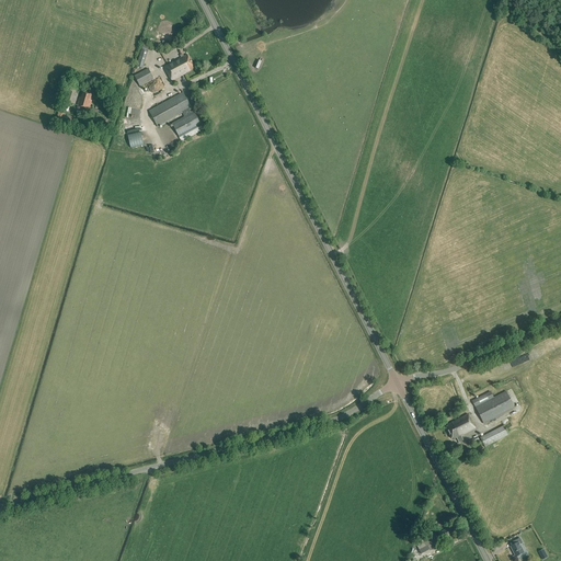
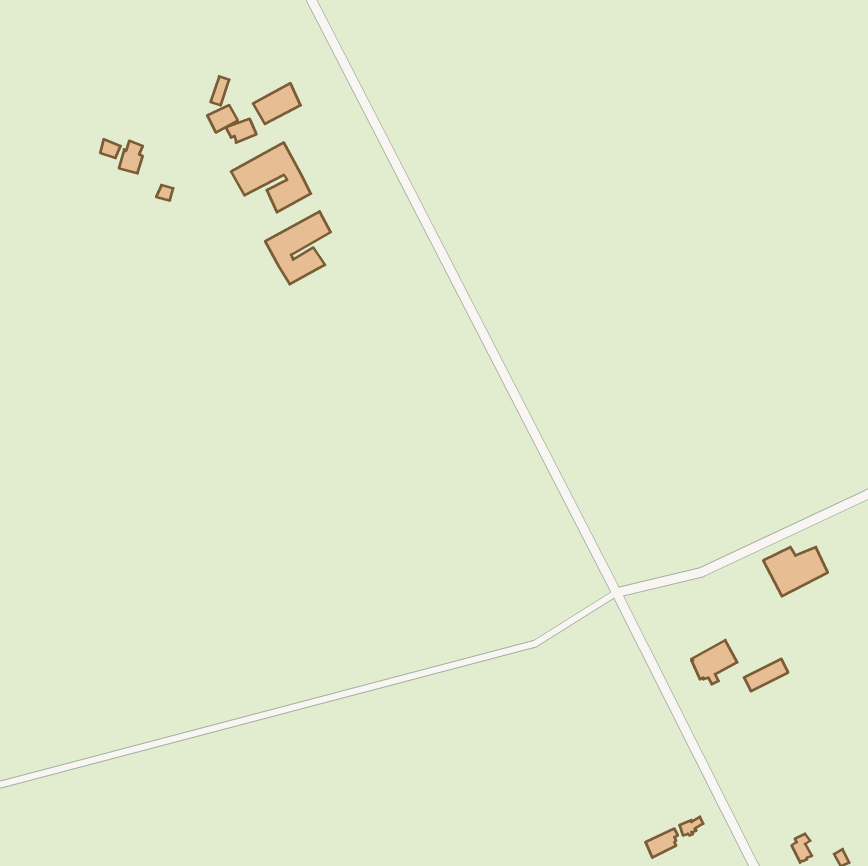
building: none -> [265,211,331,284]
building: [472,391,514,423] -> [763,547,828,596]

